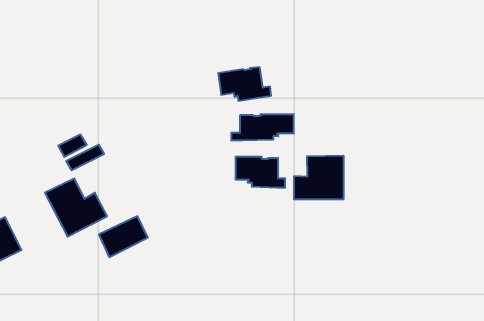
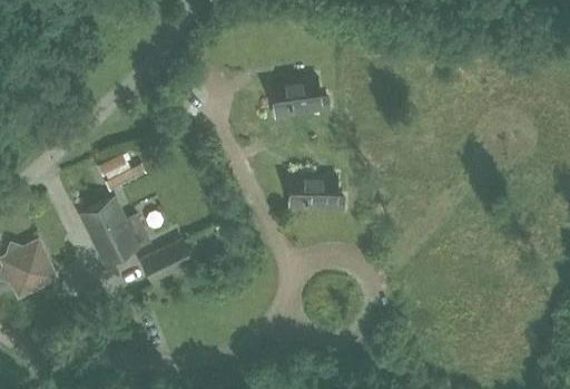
building: [231,114,294,141] -> none
building: [294,156,343,199] -> none

